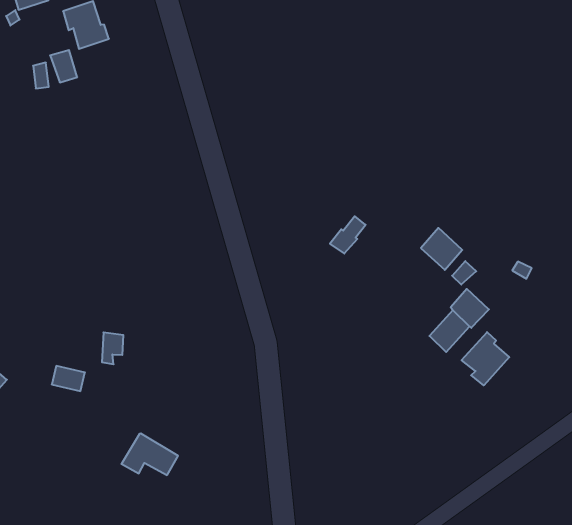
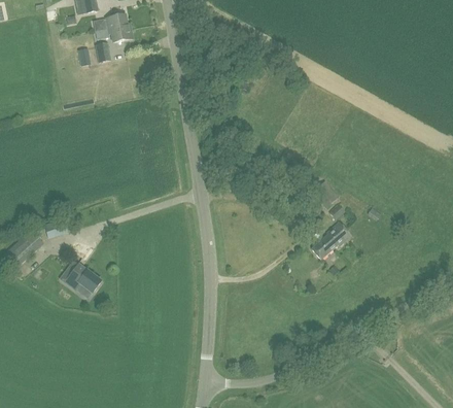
building: [462,332,509,385] -> none
building: [121,434,178,475] -> [65,264,101,292]

